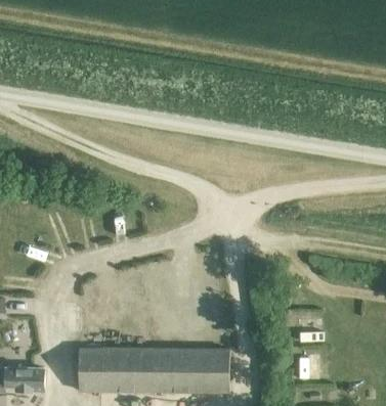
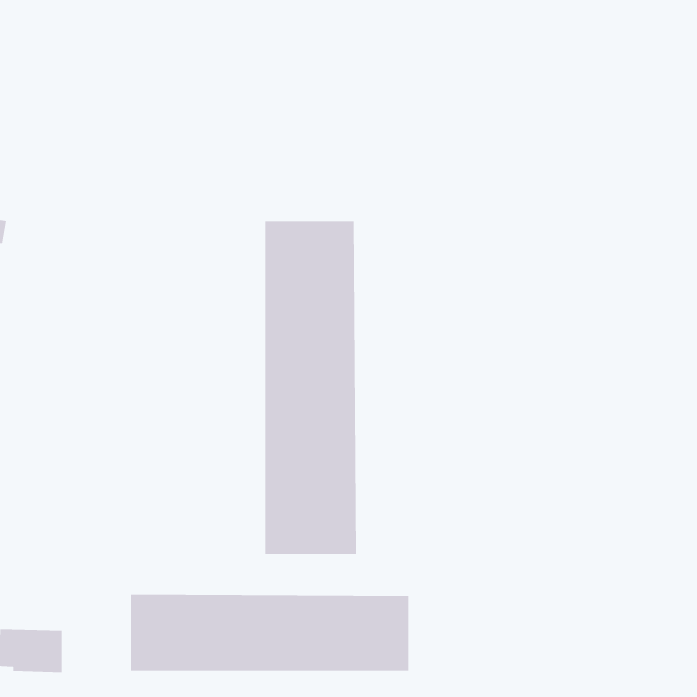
building: none -> [265,221,356,555]

